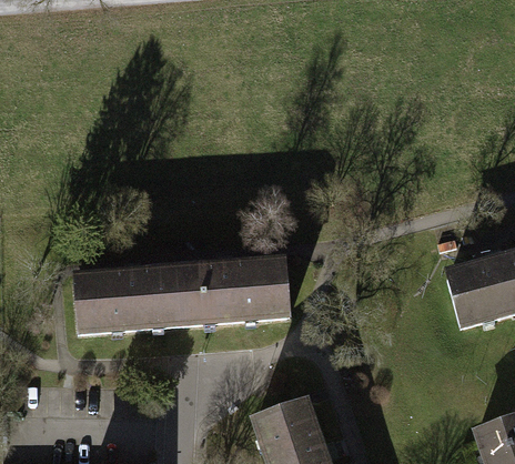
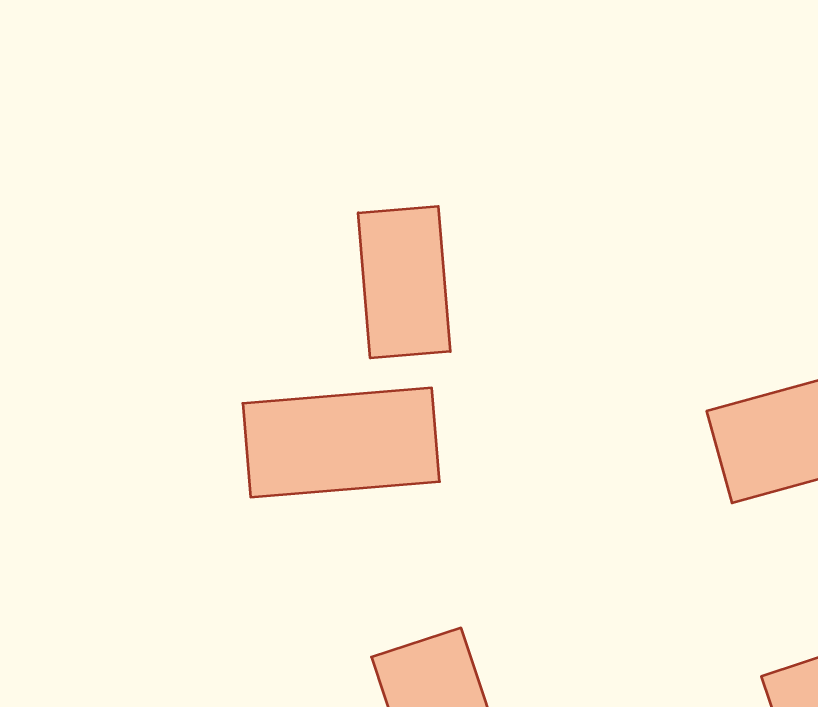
building: none -> [358,206,450,358]
building: [72,271,185,333] -> none

